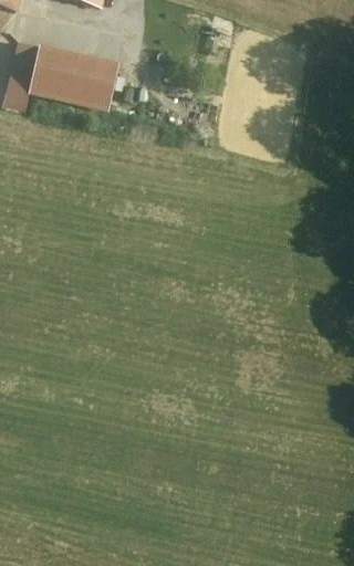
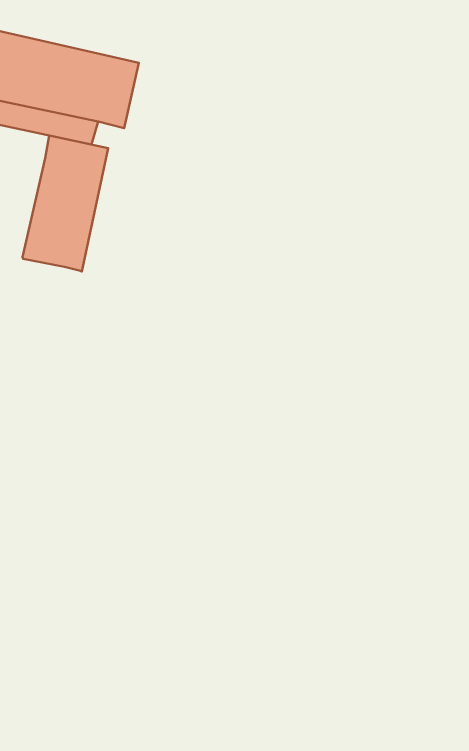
building: none -> [22,135,108,272]

